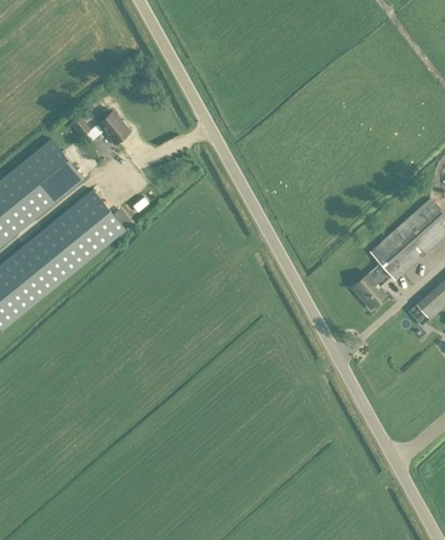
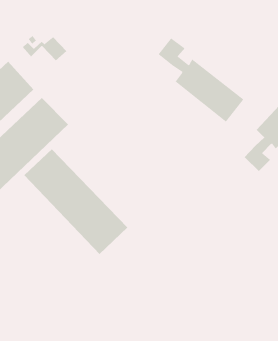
building: none -> [158,37,244,122]
building: none -> [23,148,128,255]

